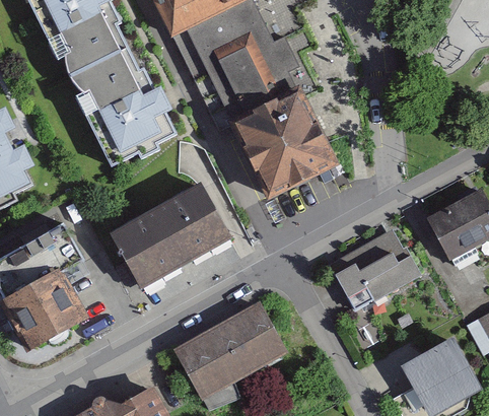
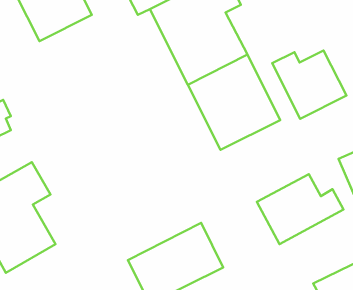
building: [64,44,171,163] -> none
building: none -> [272,51,346,119]
building: [107,184,228,291] -> none

